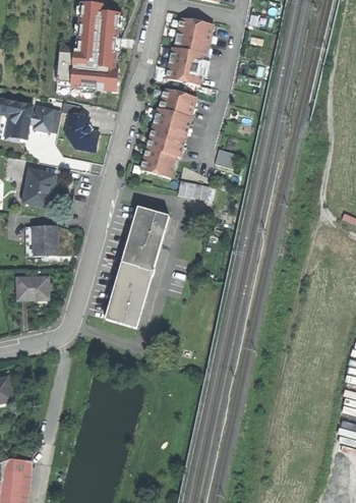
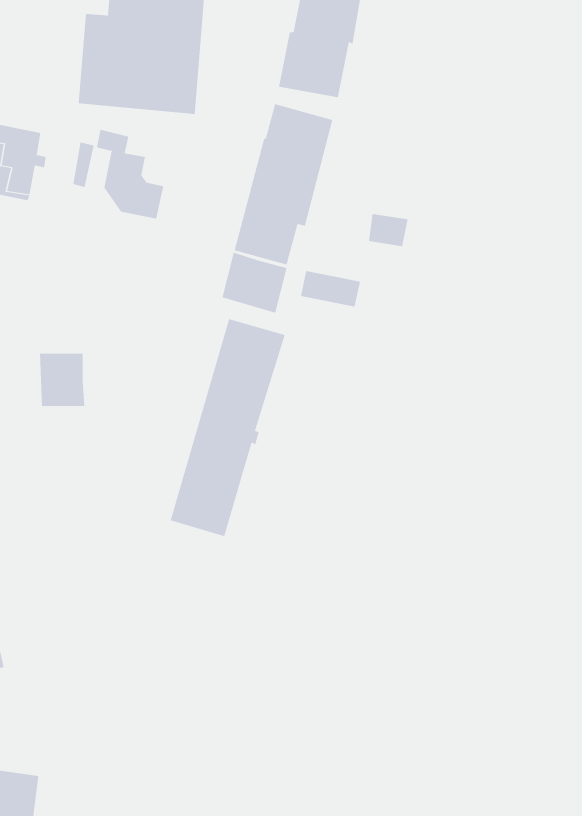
building: [34,105,55,131] -> none
building: none -> [222,252,287,313]
building: [23,169,55,206] -> none
building: [16,276,48,299] -> none

